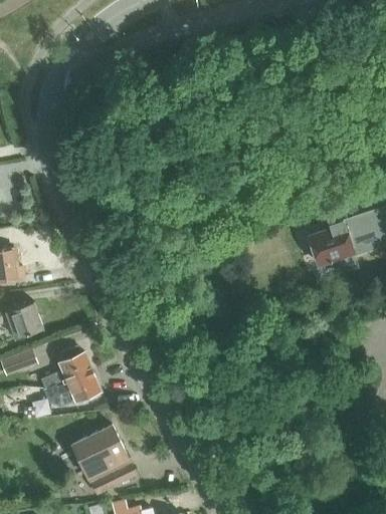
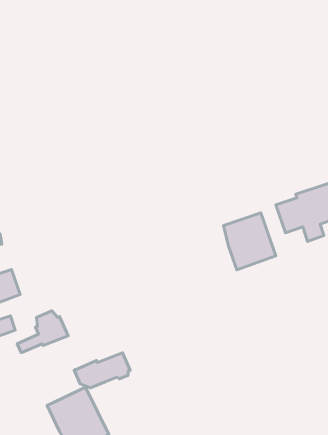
building: none -> [223,213,276,270]
building: [42,370,101,407] -> [74,353,130,388]

